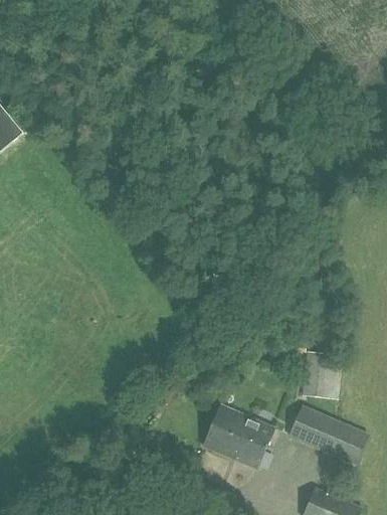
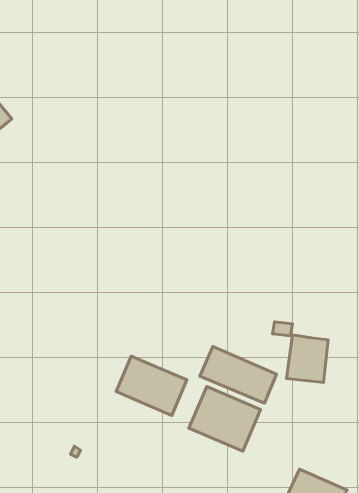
building: none -> [116,356,187,415]
building: [286,405,364,463] -> [200,346,276,403]

